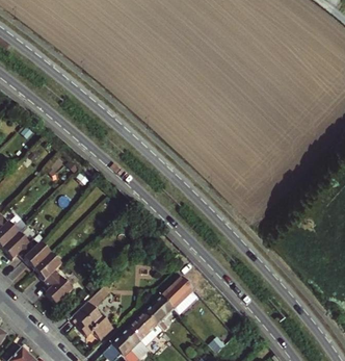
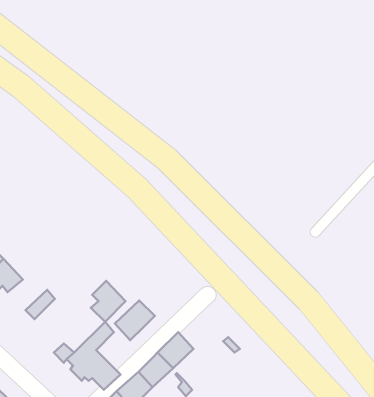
building: [24,247,56,278] -> none
building: [45,274,73,307] -> [91,281,126,322]
building: [162,277,194,309] -> [115,300,155,340]

